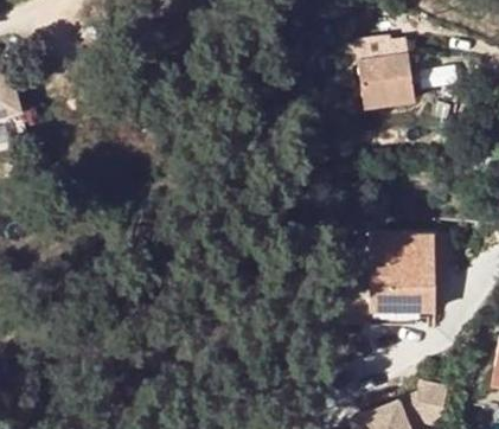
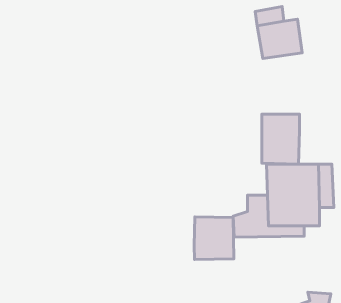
building: none -> [262,114,300,164]
building: none -> [194,217,234,260]

